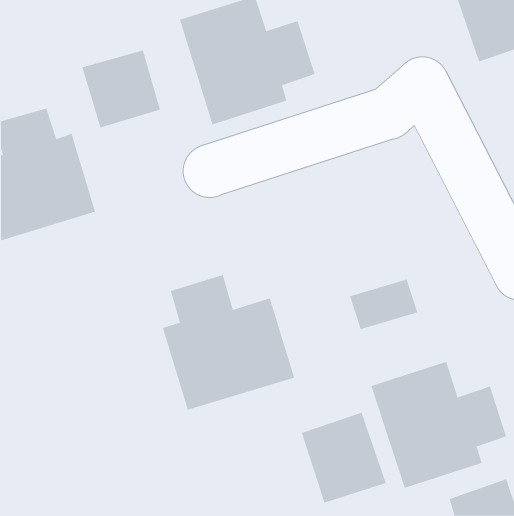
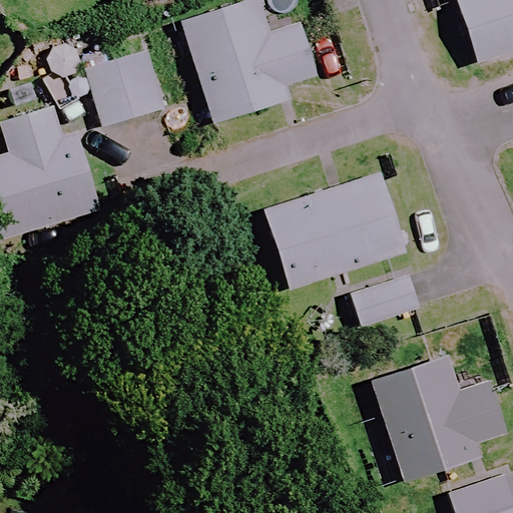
building: none -> [266,175,401,288]
building: [162,274,295,411] -> none
building: [301,412,387,504] -> none

